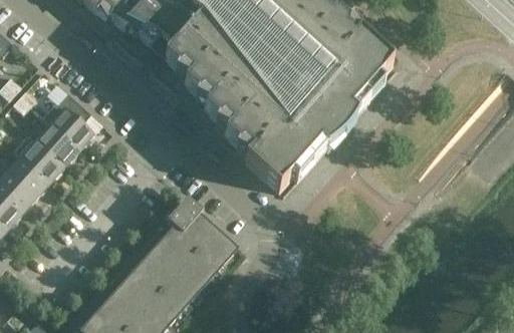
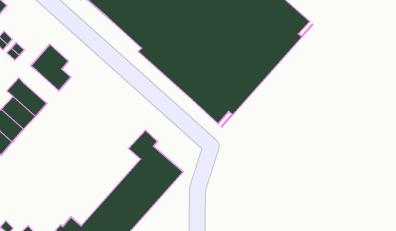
building: [38,120,81,161] -> none

